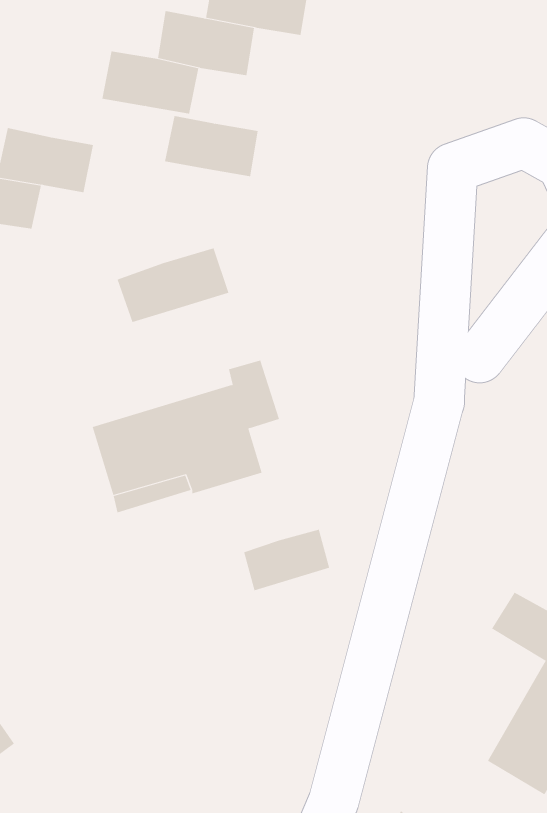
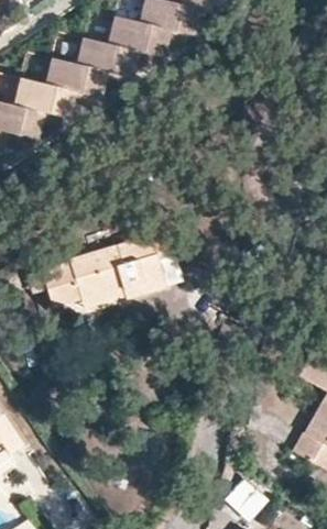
building: [164,115,258,177] -> [40,66,94,101]
building: [117,247,229,323] -> none
building: [244,529,330,591] -> none

